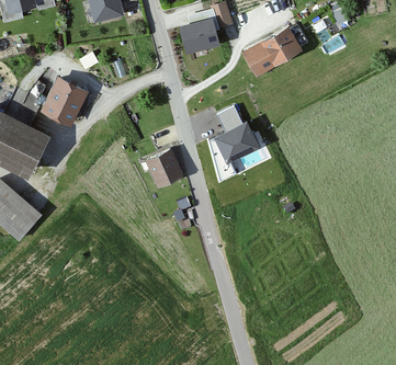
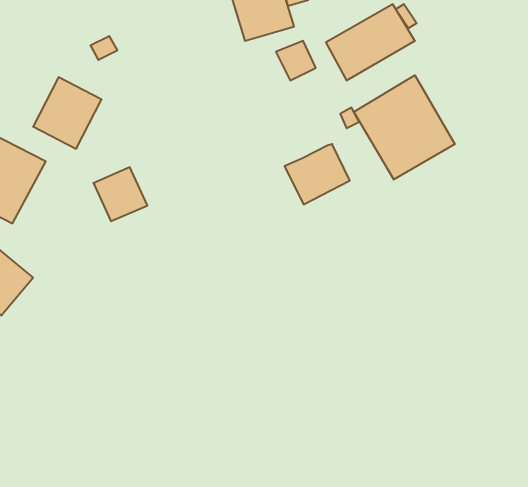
building: none -> [354,75,455,180]
building: [216,105,244,133] -> [276,41,316,80]
building: [145,150,182,187] -> [93,167,147,221]

